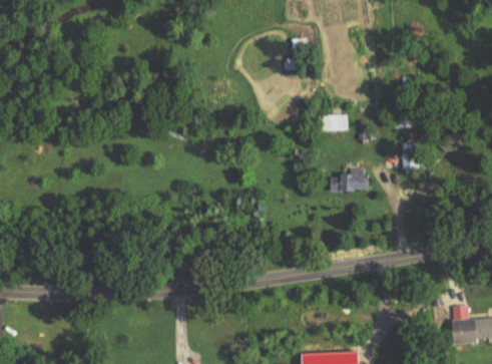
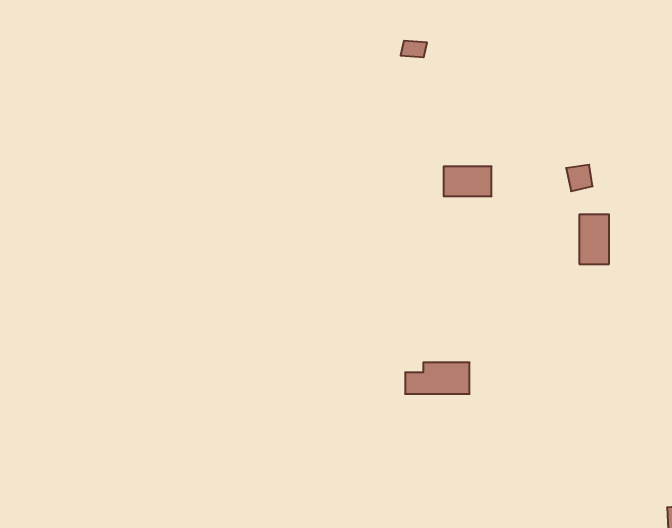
building: [331,170,370,190] -> [405,362,470,394]

